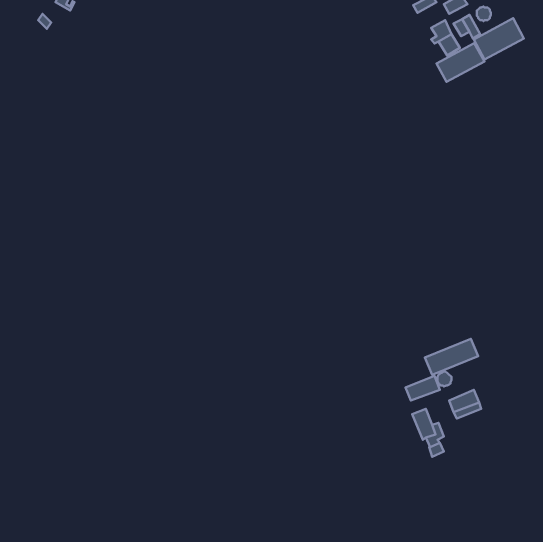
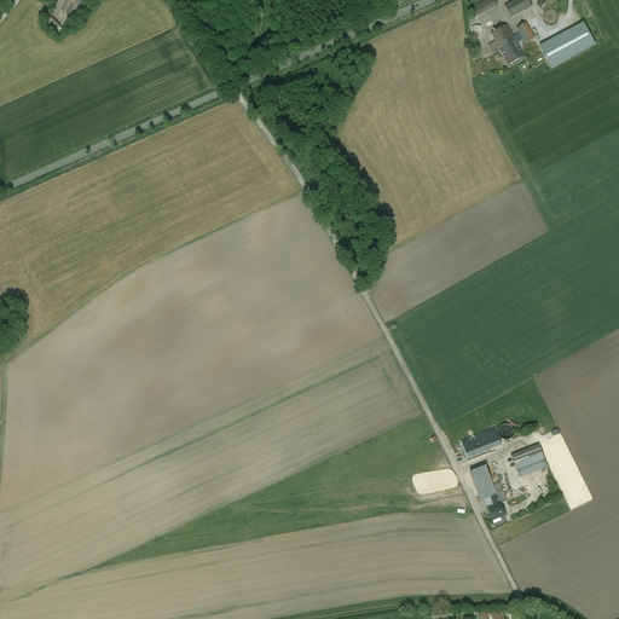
building: [436,43,484,82] -> none
building: [425,339,478,375] -> none

